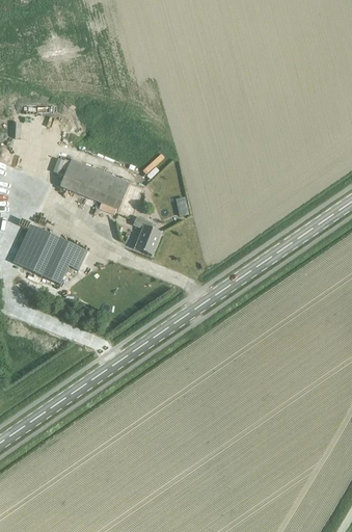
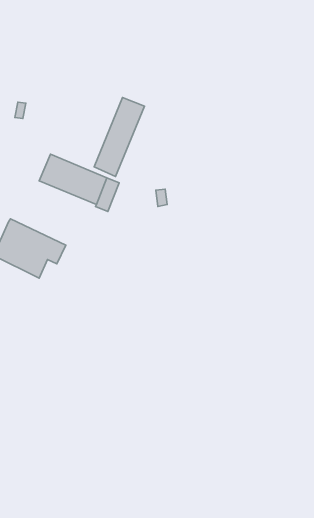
building: none -> [94,98,145,177]
building: [131,214,159,255] -> none

